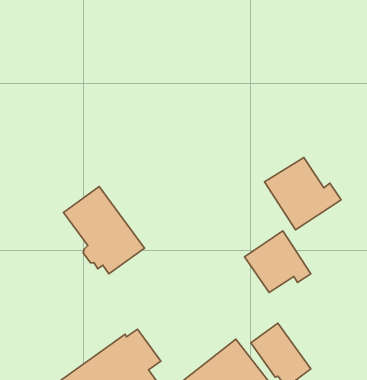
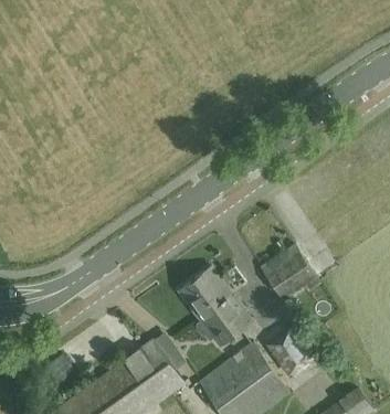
building: [265,157,341,230] -> none
building: [63,187,145,274] -> [178,267,251,346]

